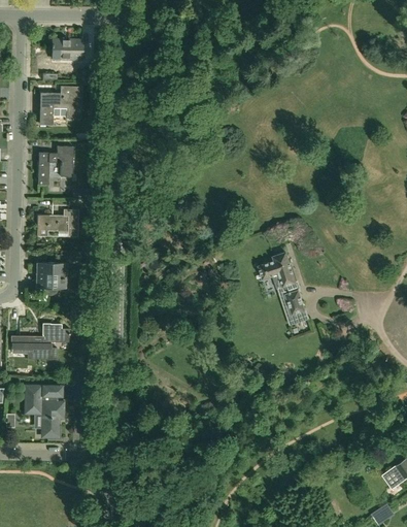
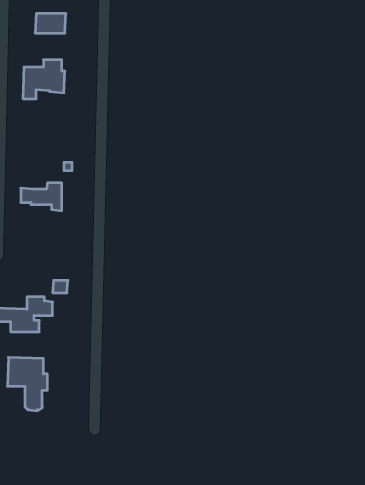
building: [38,145,73,185] -> none
building: [259,253,308,323] -> none
building: [35,262,67,289] -> none

